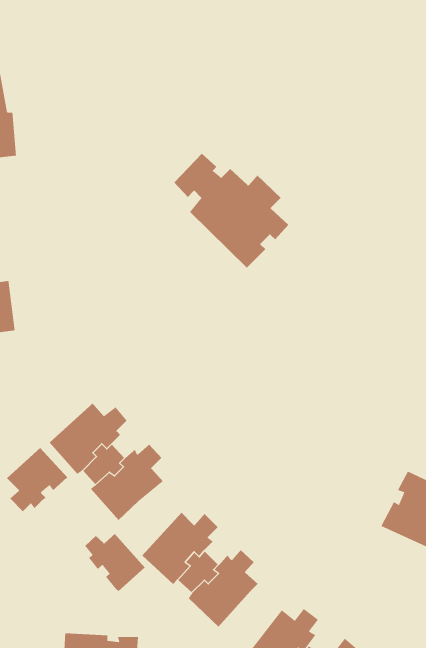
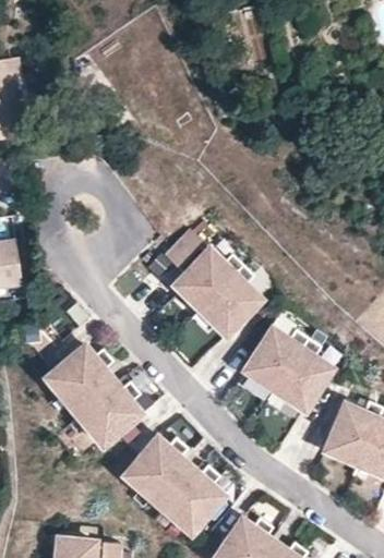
building: [174,153,289,268] -> [161,238,260,336]
building: none -> [244,329,331,411]
building: [6,447,68,512] -> none
building: [85,533,145,592] -> none

